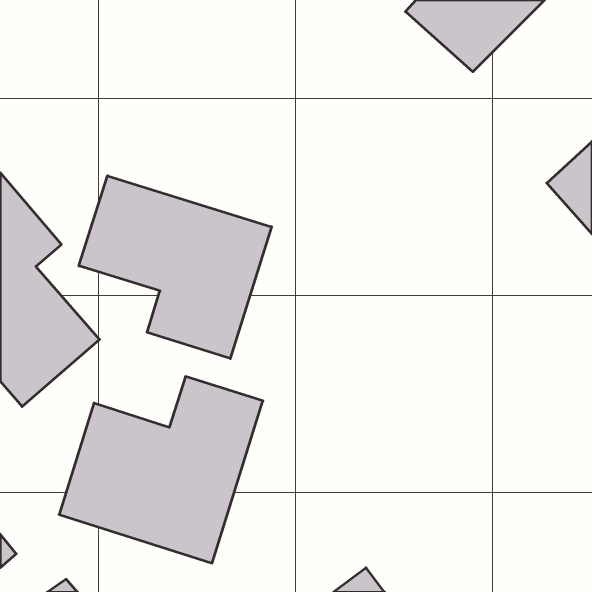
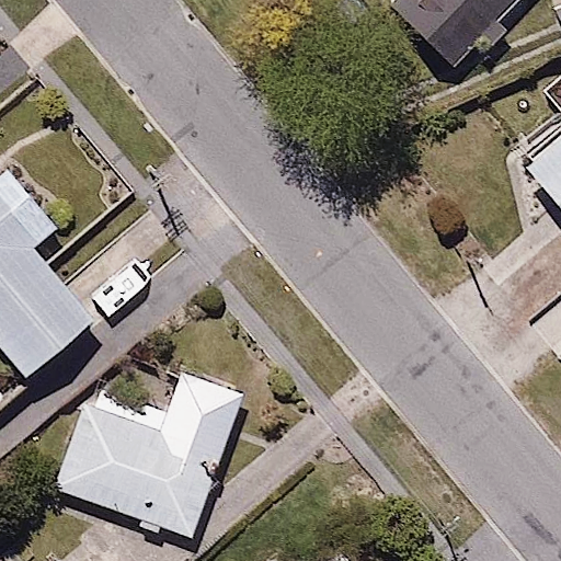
building: [79,176,272,359] -> none

